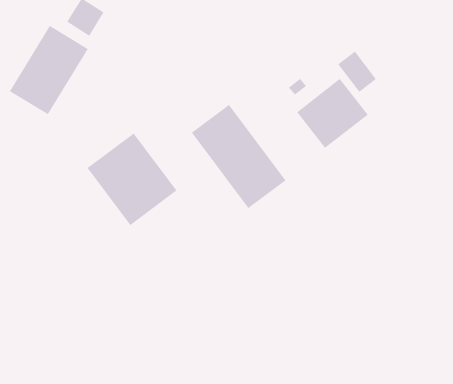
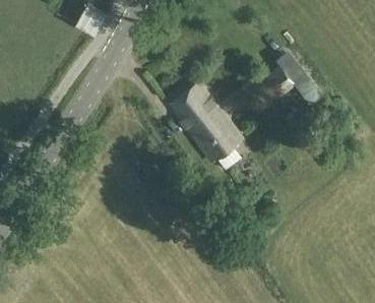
building: [9,25,89,115] -> none
building: [86,132,177,226] -> none

